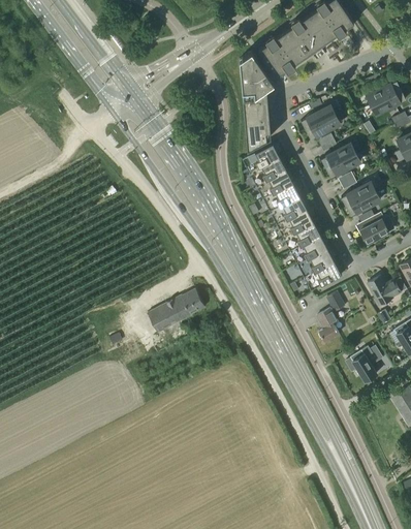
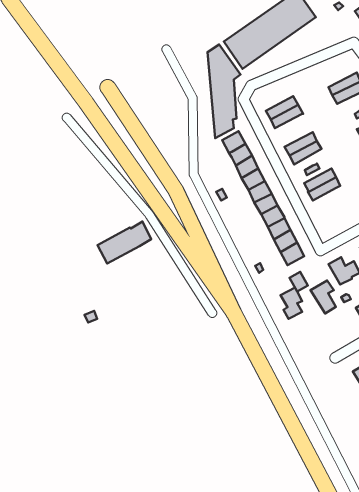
building: [358,212,388,244] -> none
building: [148,288,204,333] -> [98,222,151,264]
building: [351,347,378,382] -> [311,280,336,314]

